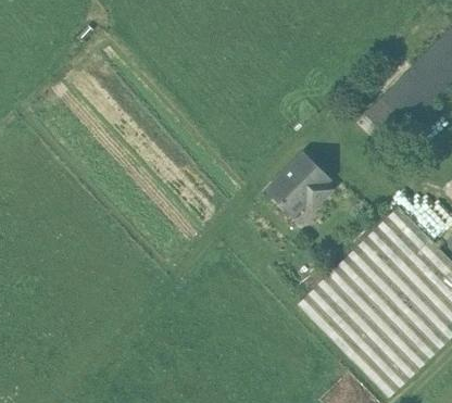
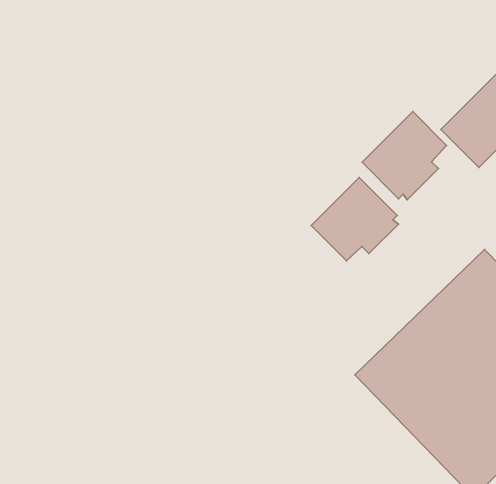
building: none -> [362,112,447,200]

